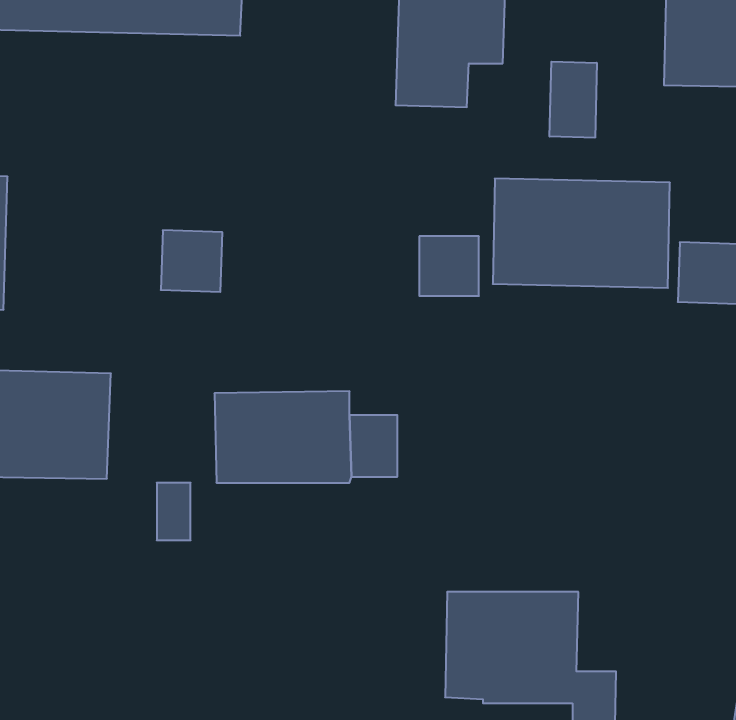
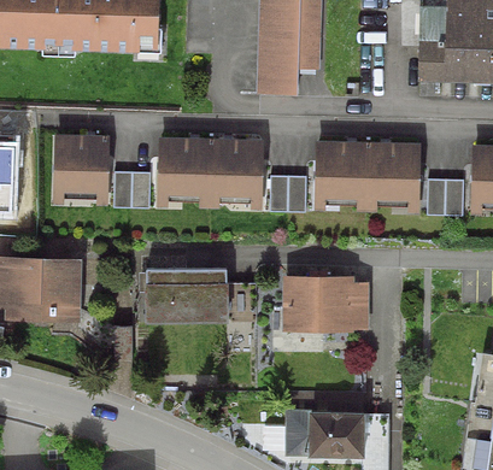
building: [550,62,597,138] -> none
building: none -> [52,133,111,198]
building: none -> [157,136,264,202]
building: none -> [282,275,369,333]

